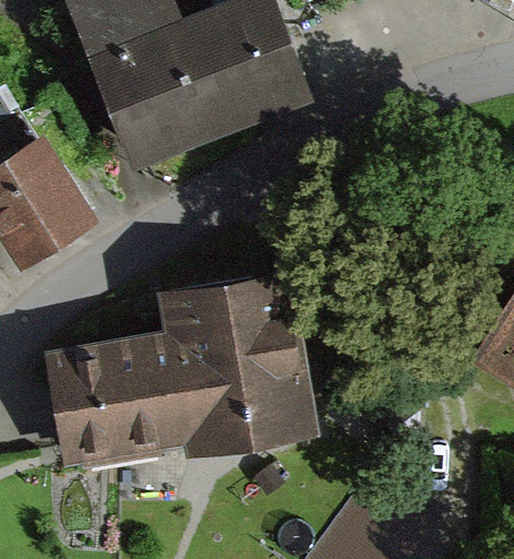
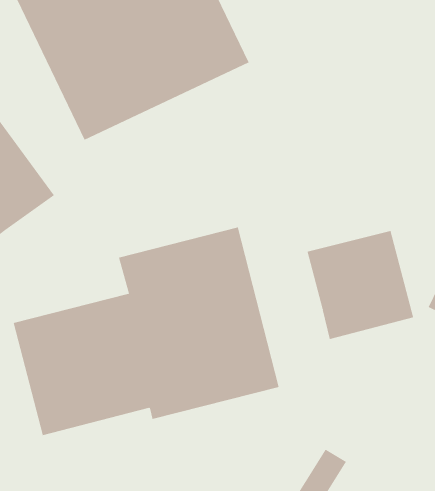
building: none -> [307,230,414,340]

